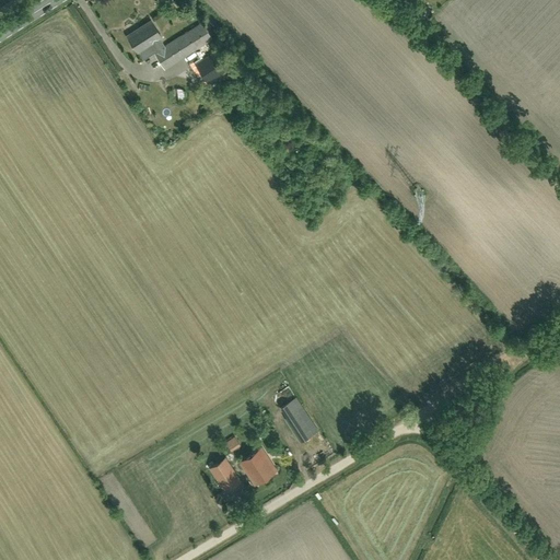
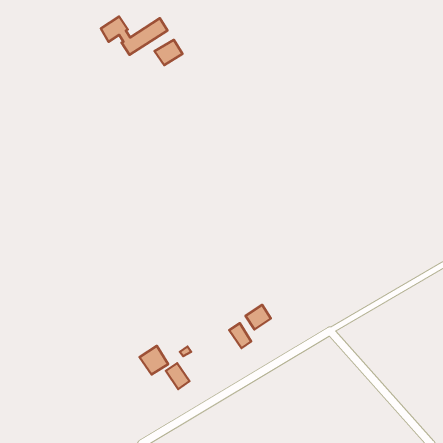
building: none -> [246,305,271,329]
building: [238,448,275,485] -> [139,346,168,374]

